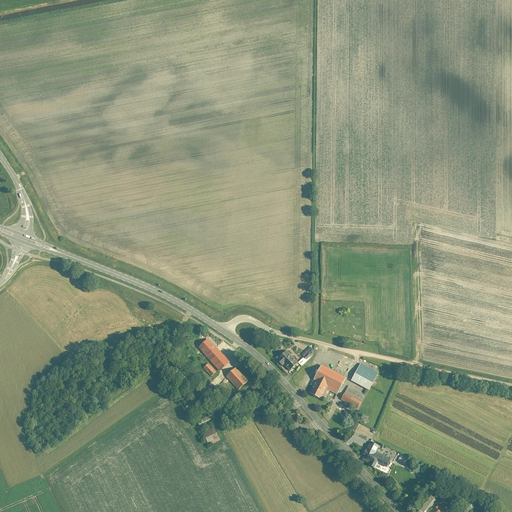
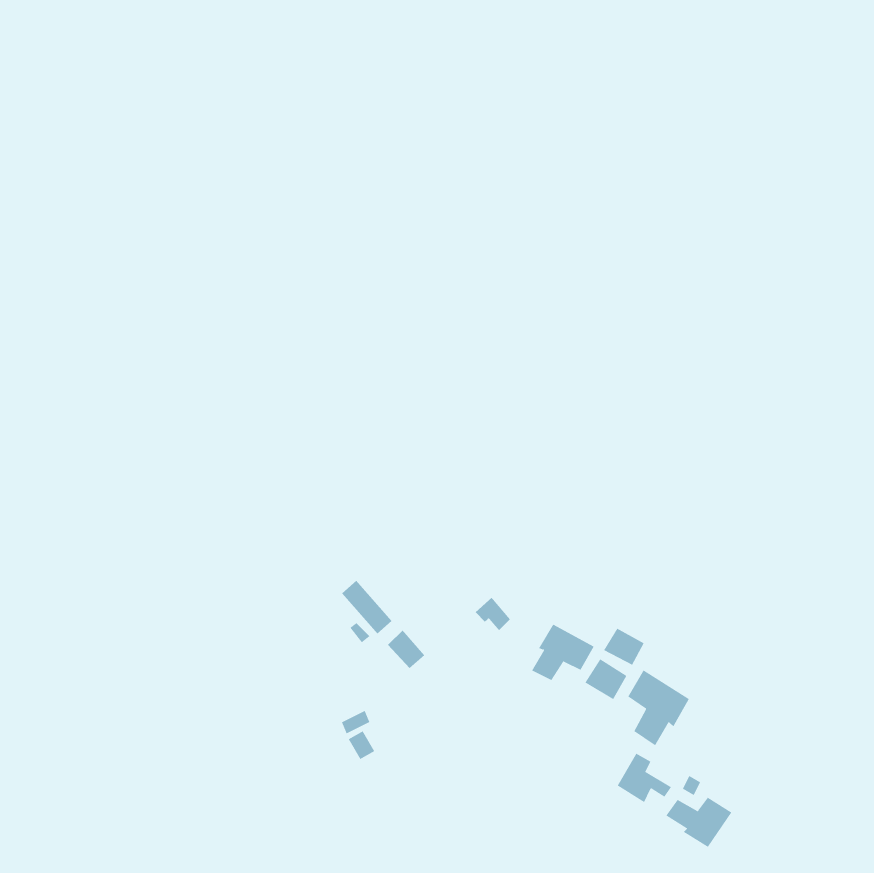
building: none -> [627,670,691,746]
building: none -> [665,797,732,848]

